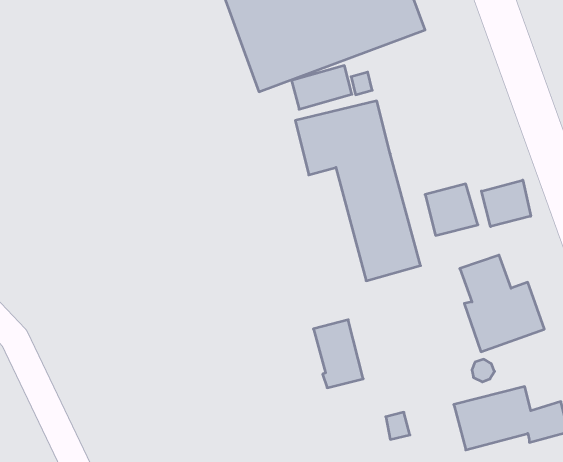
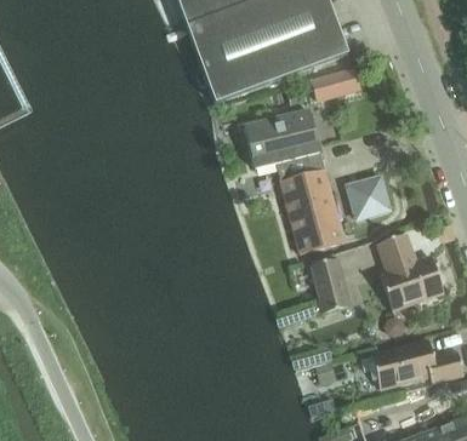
building: [292,66,352,109] -> [312,67,360,102]
building: [481,180,531,227] -> none
building: [313,320,363,388] -> [311,258,351,313]

